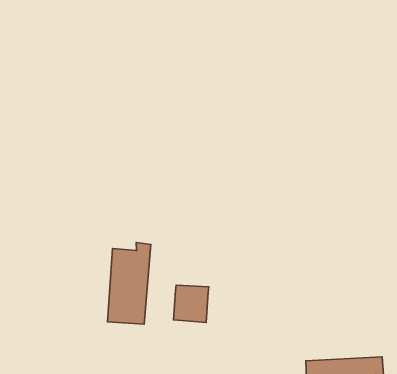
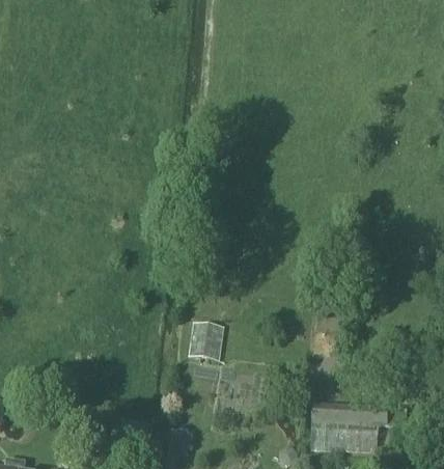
building: [108,243,151,324] -> none

